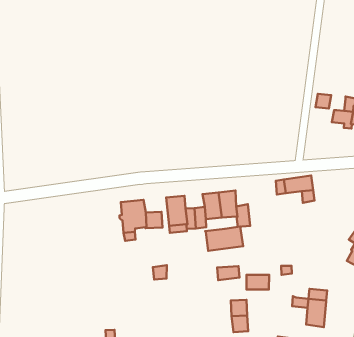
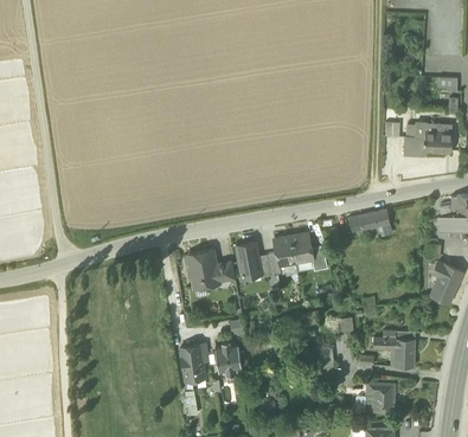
building: [205,227,243,251] -> none
building: none -> [214,341,242,374]
building: none -> [180,345,205,379]

